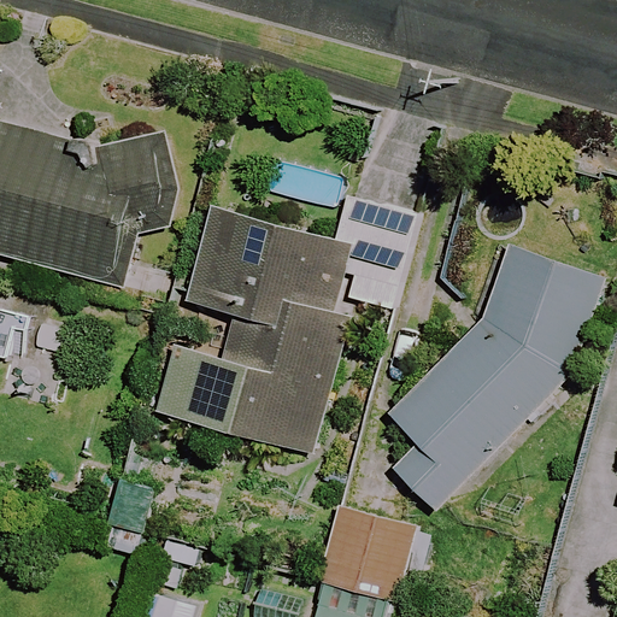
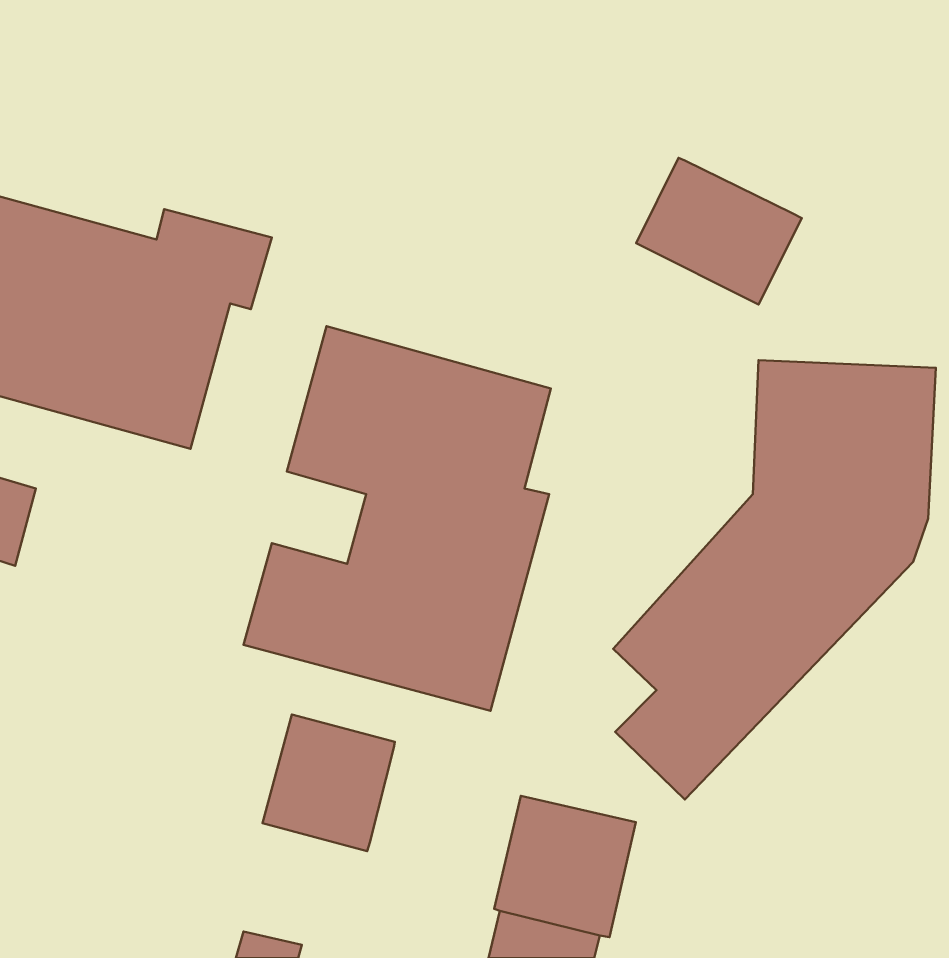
building: none -> [636,158,802,305]
building: none -> [262,715,395,851]

